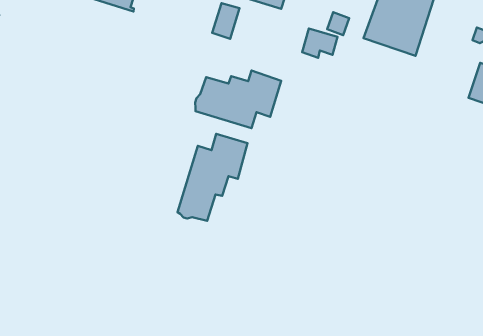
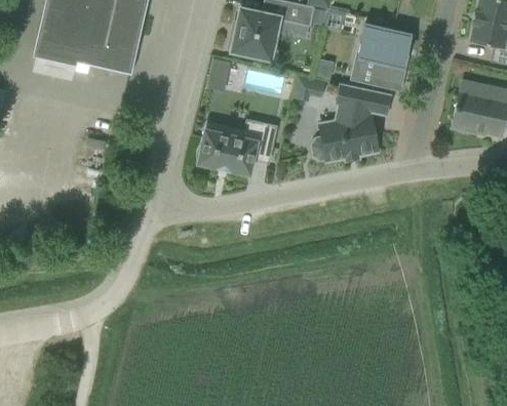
building: none -> [313,85,381,161]
building: [178,134,247,221] -> none

